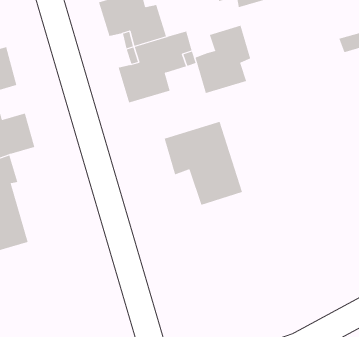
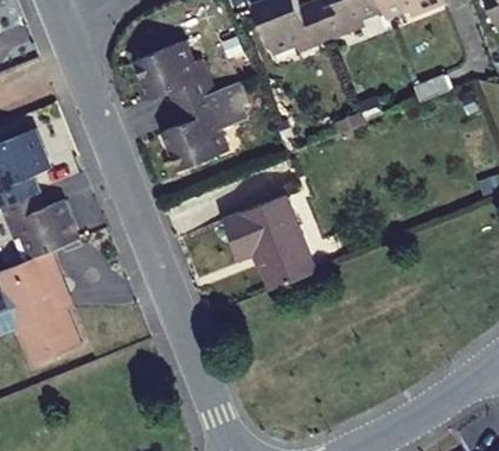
building: [195,25,251,94] -> none

